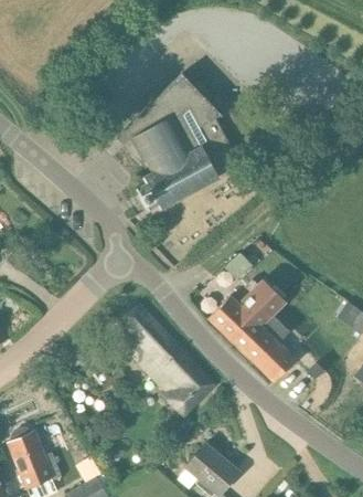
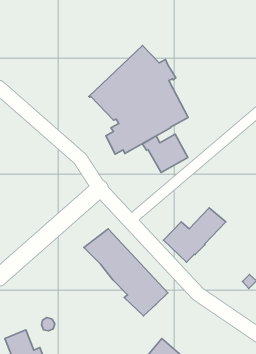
building: none -> [143,134,188,172]
building: [237,317,296,383] -> none

